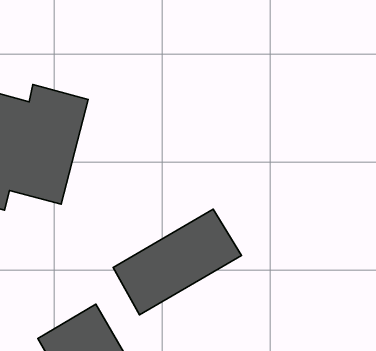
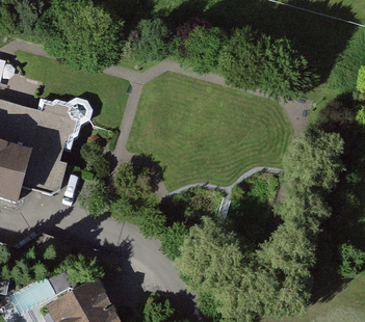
building: [113,209,241,315] -> none

